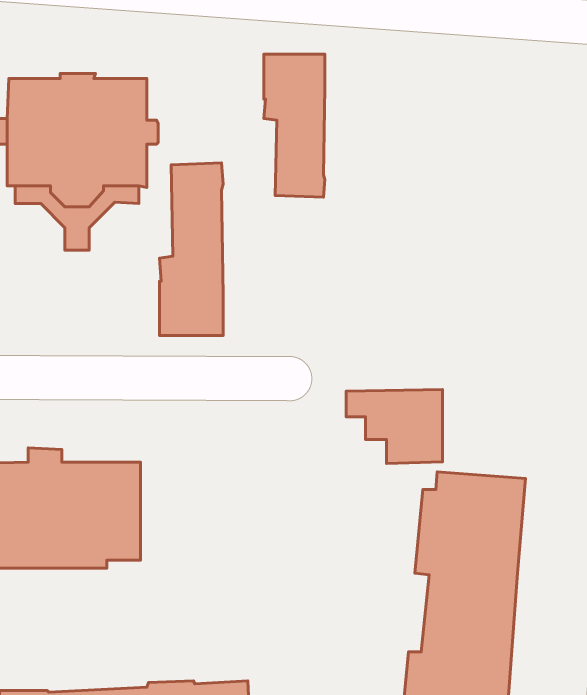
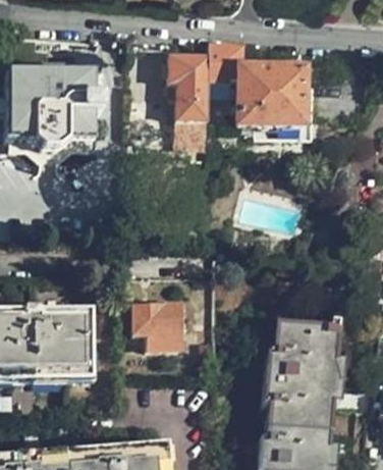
building: none -> [209,44,305,123]
building: [160,163,223,336] -> none
building: [346,390,443,463] -> [122,301,183,348]

